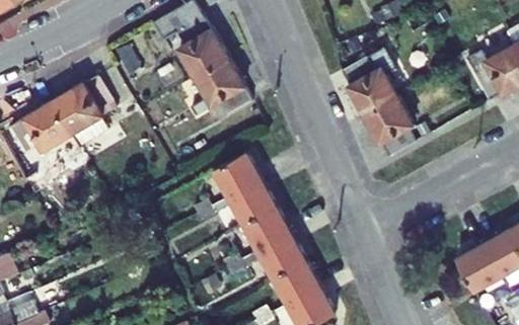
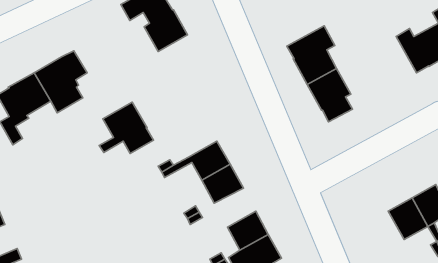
building: [189,58,250,116] -> [99,102,153,154]
building: [212,152,260,197] -> none
building: [256,233,304,277] -> none

